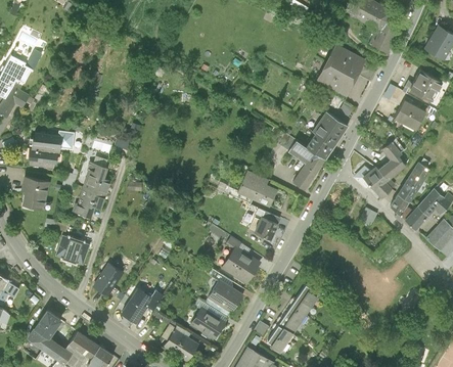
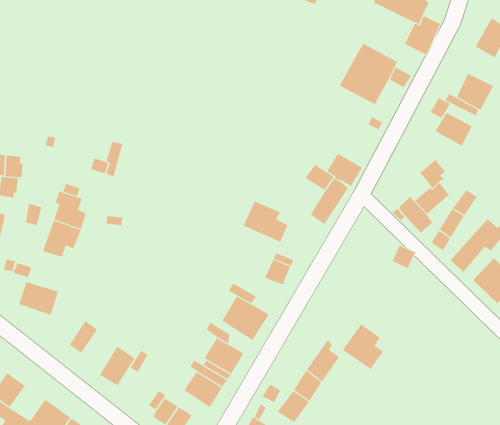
building: [313,111,348,145] -> none
building: none -> [342,324,384,370]

